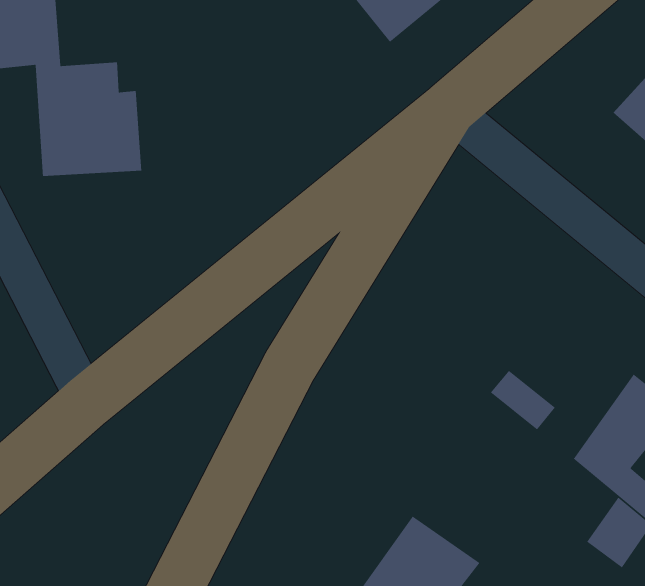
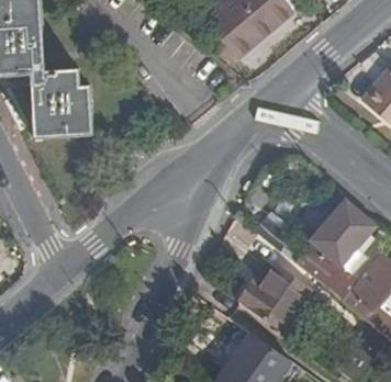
building: none -> [312,212,367,260]
building: none -> [237,260,311,330]

